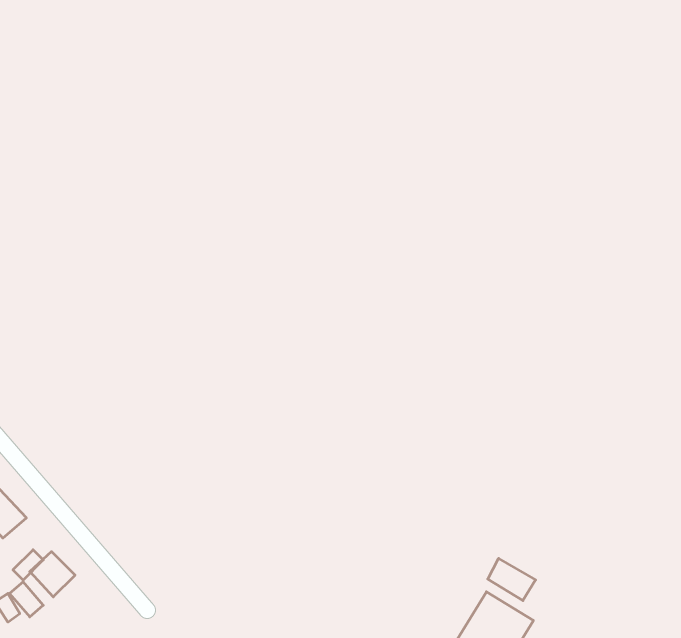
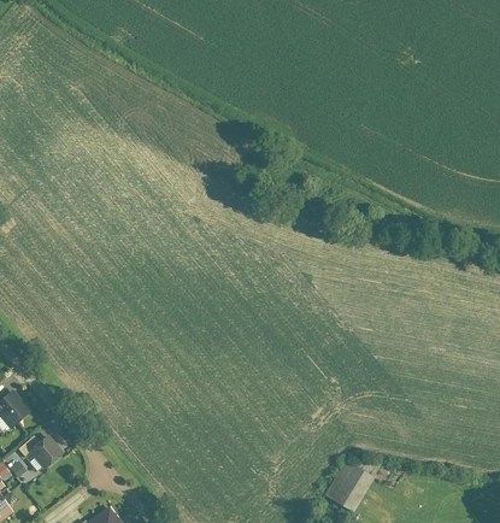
building: [488,558,536,601] -> none

